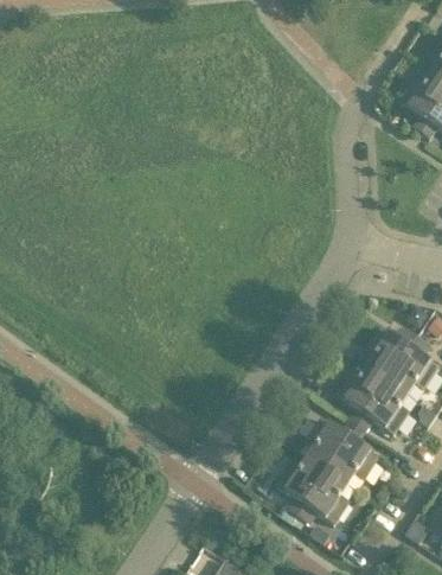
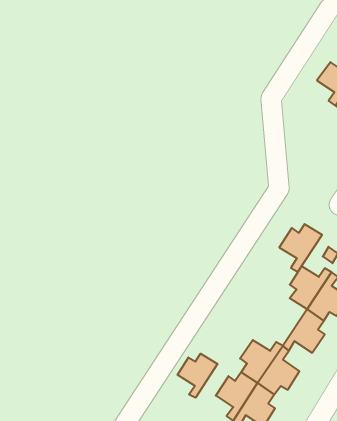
building: [334,365,386,423] -> [279,224,322,272]
building: none -> [178,354,217,398]

